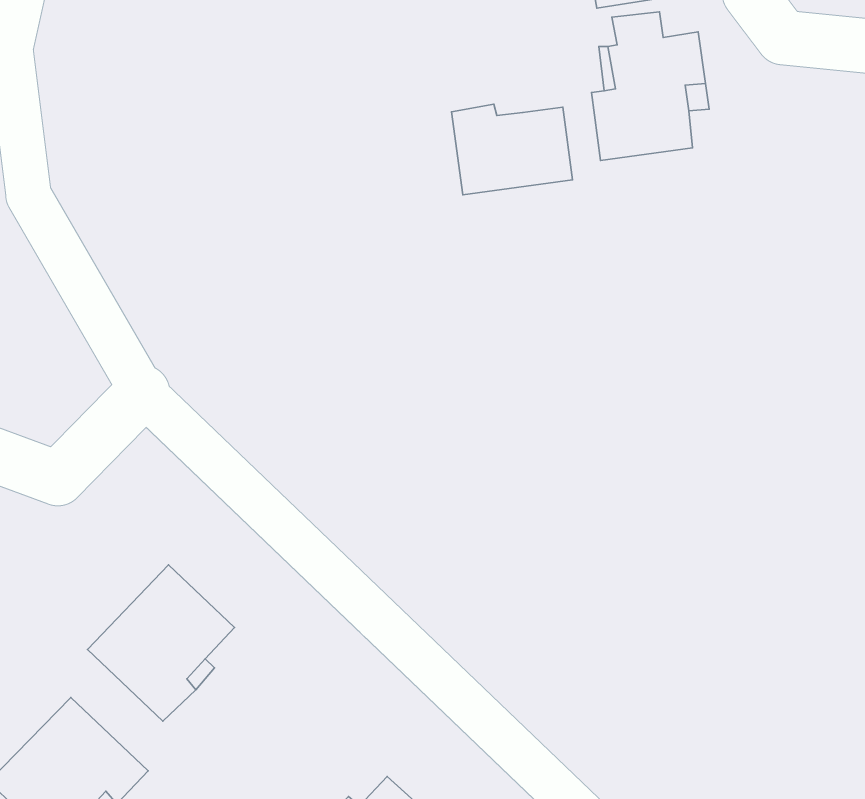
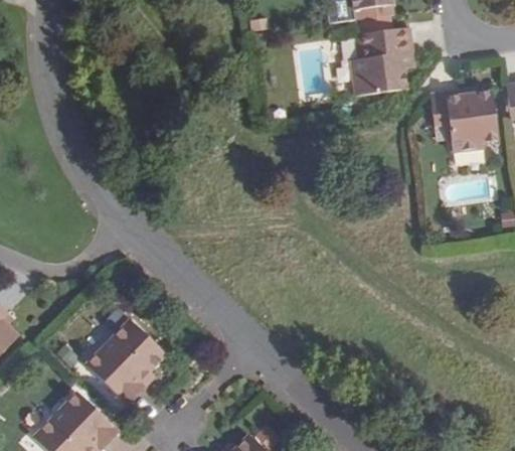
building: [452,104,573,195] -> none
building: none -> [431,93,499,156]

